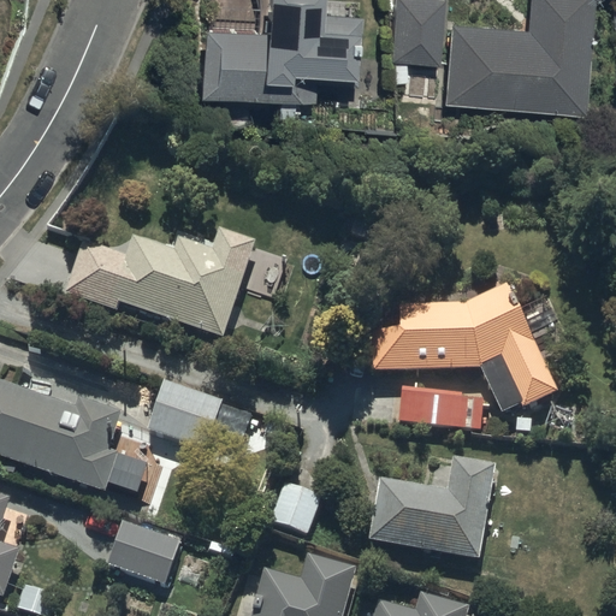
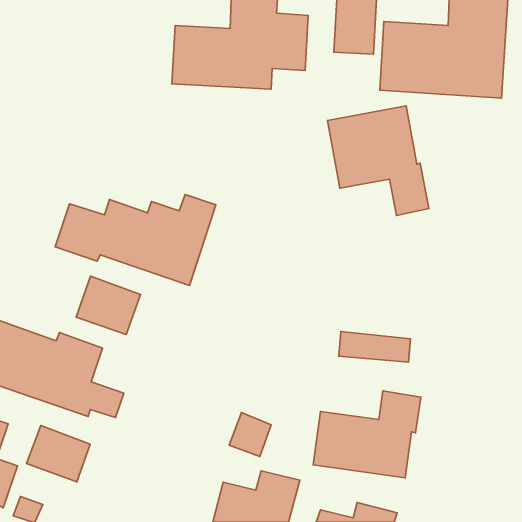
building: none -> [327,106,429,216]
building: [369,282,556,410] -> none
building: [146,379,221,448] -> [76,276,141,334]
building: [105,517,179,584] -> [27,426,90,482]

